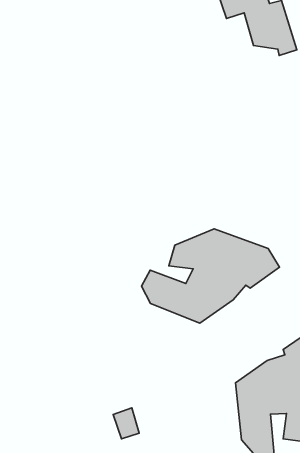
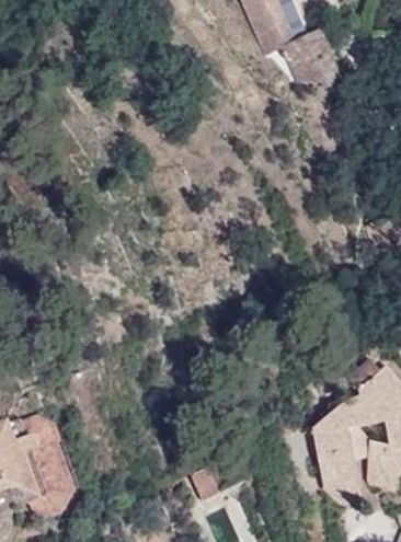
building: [142,229,280,323] -> none

